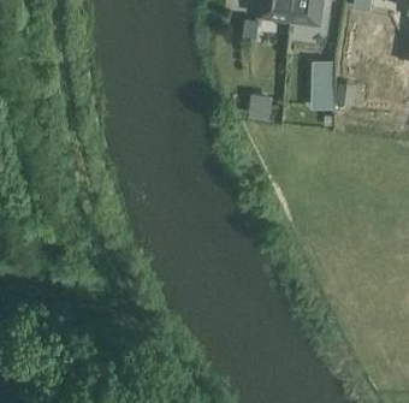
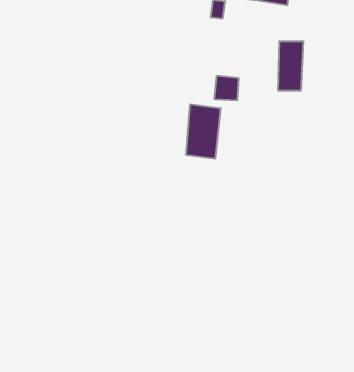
building: none -> [186,104,221,159]

